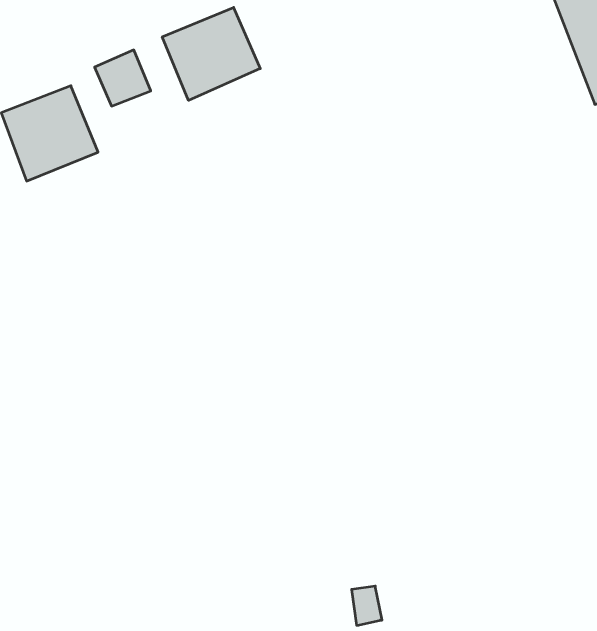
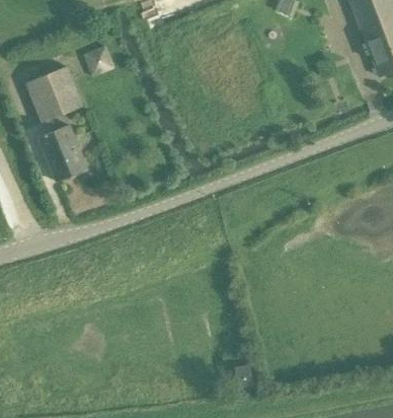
building: [162,7,260,100] -> none
building: none -> [38,125,87,183]

